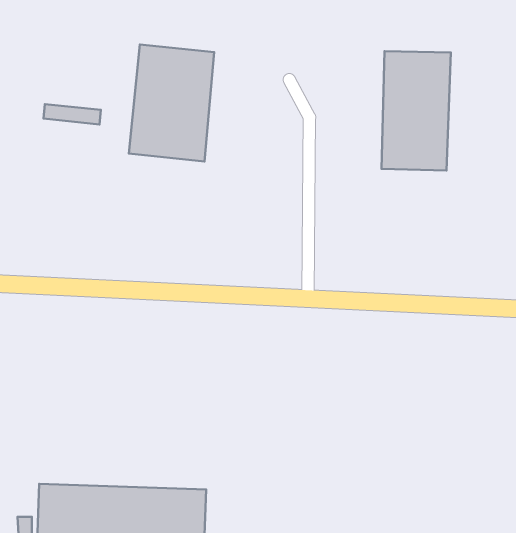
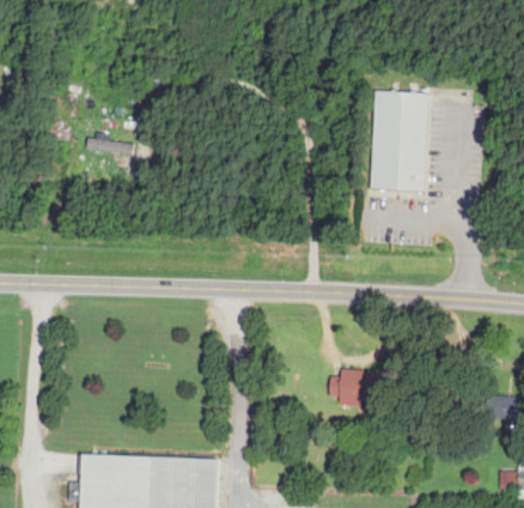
building: [129,44,214,161] -> none
building: none -> [337,370,372,405]

